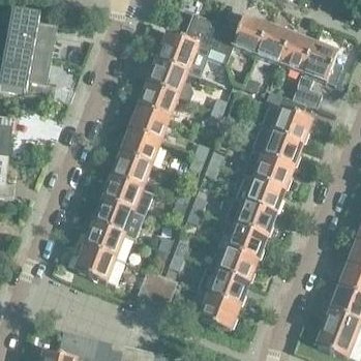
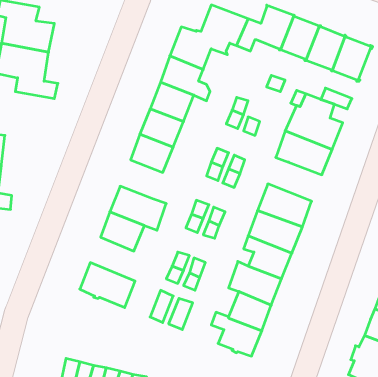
building: [242,151,293,190] -> none
building: [112,153,150,188] -> none
building: [85,222,133,262] -> none

